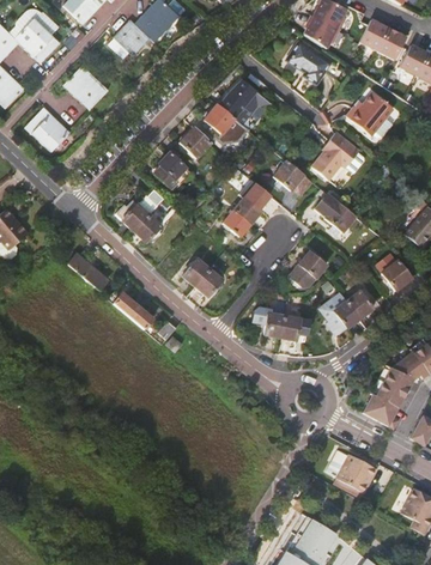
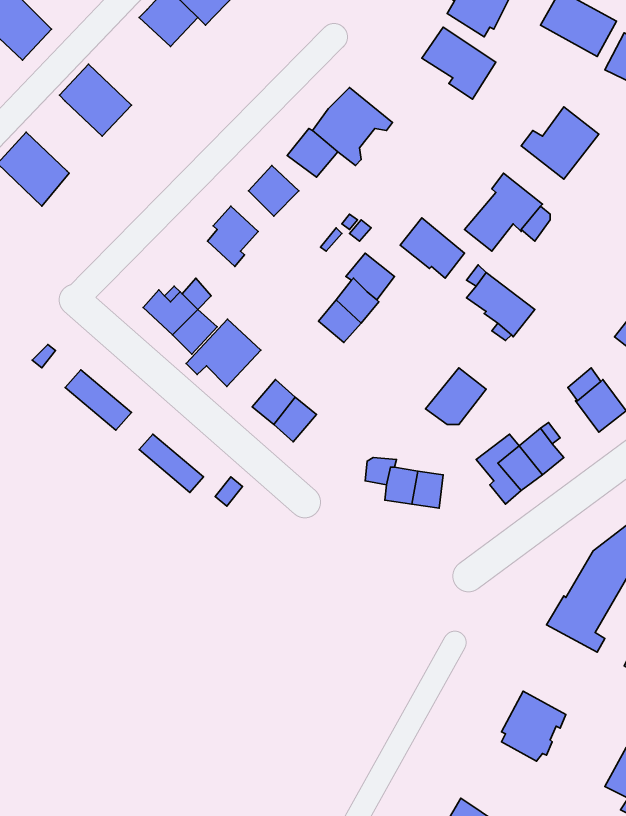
building: none -> [186,319,261,386]

